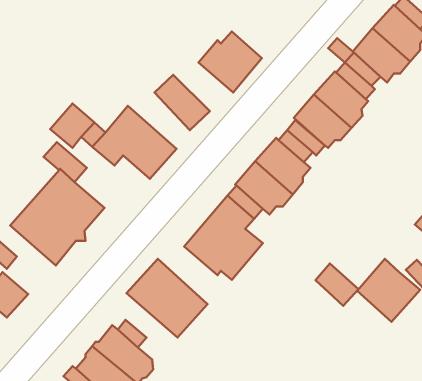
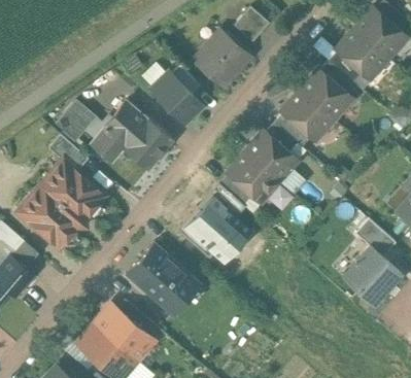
building: none -> [235,7,270,42]
building: [315,264,359,306] -> [353,216,393,255]

